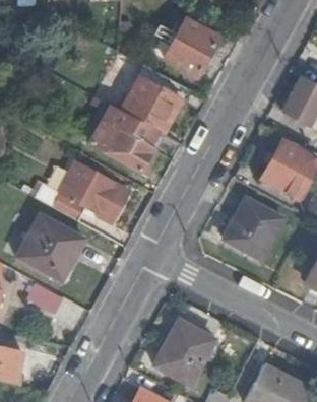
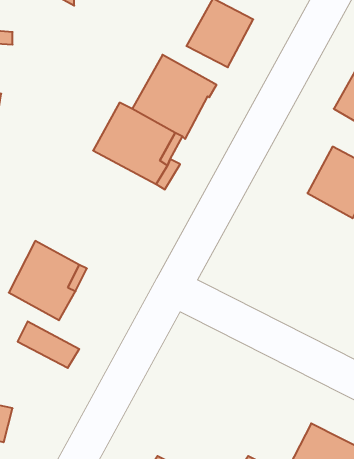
building: [38,160,129,226] -> none
building: [224,198,282,258] -> none
building: [155,321,215,385] -> none

